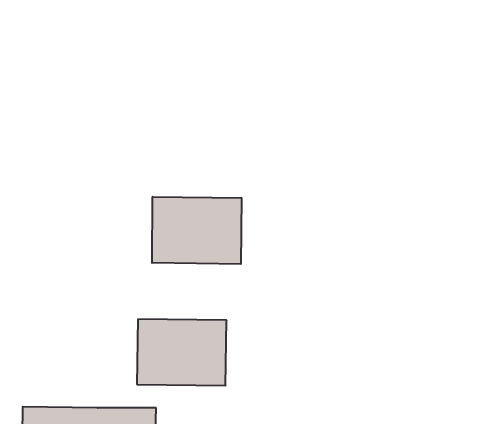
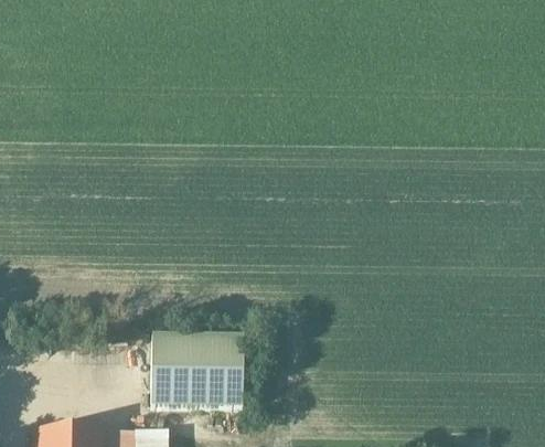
building: [152,197,241,264] -> none

